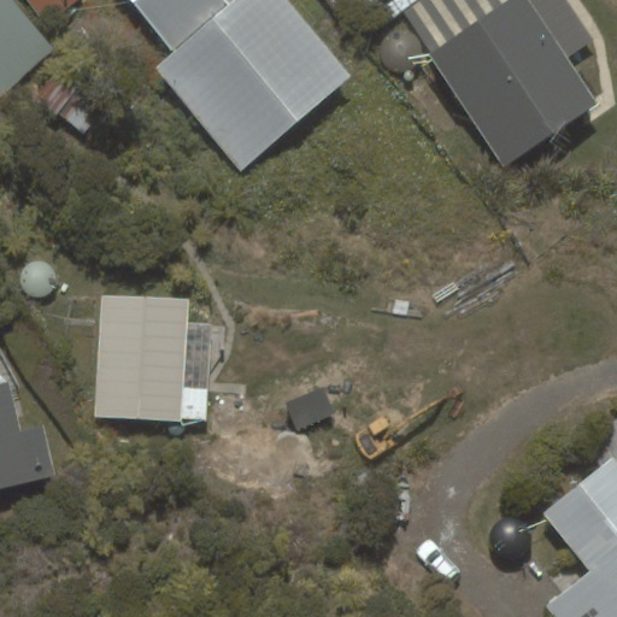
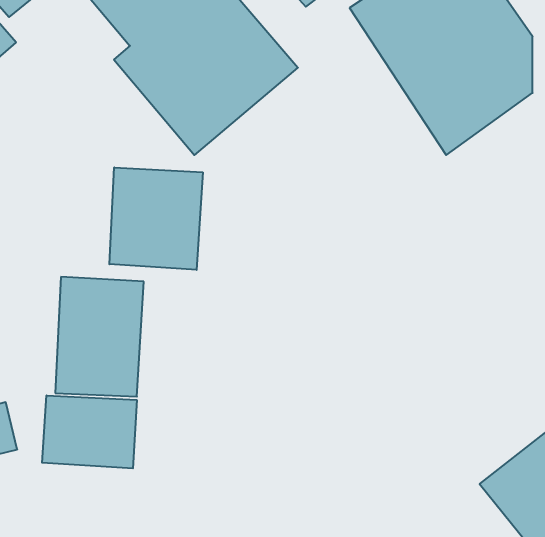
building: none -> [109,167,203,270]
building: none -> [42,395,137,468]

